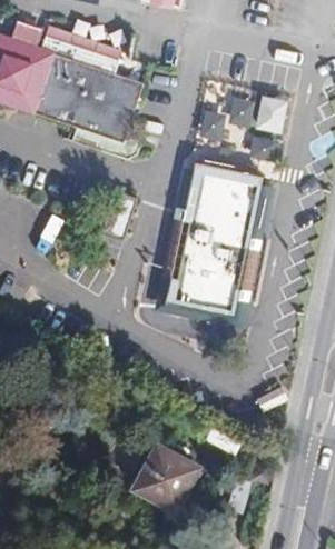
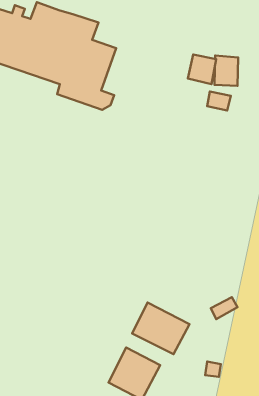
building: [169,161,263,318] -> none
building: none -> [132,303,189,354]

